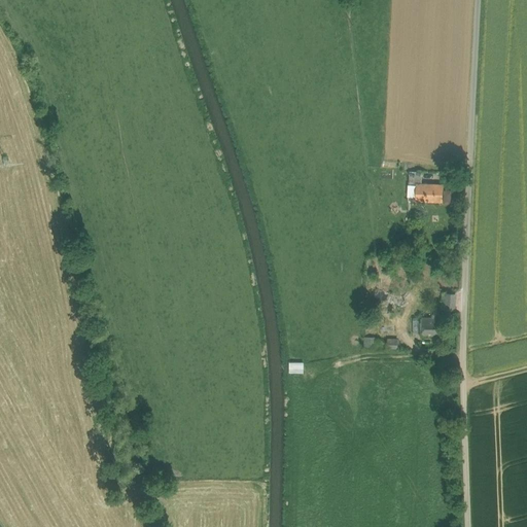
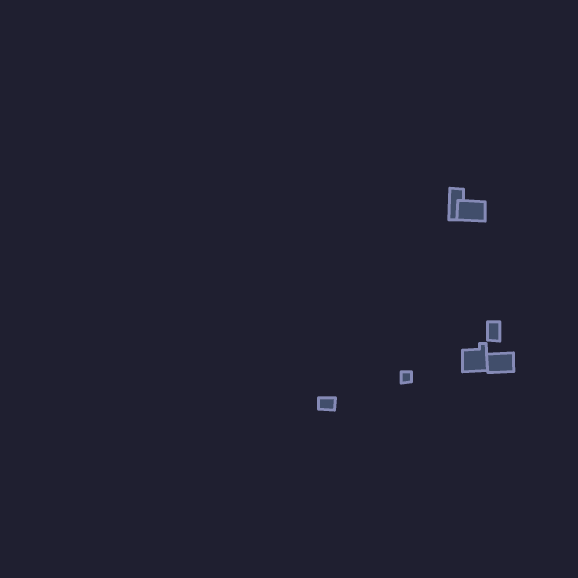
building: none -> [487,353,514,373]

